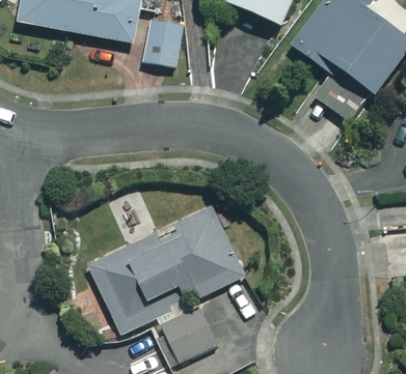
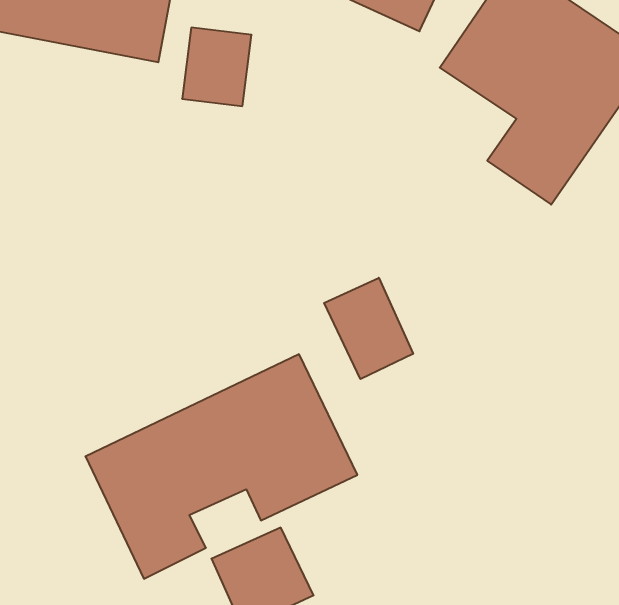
building: none -> [324,278,413,379]

